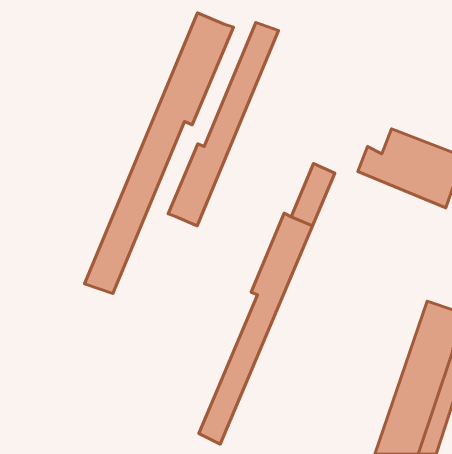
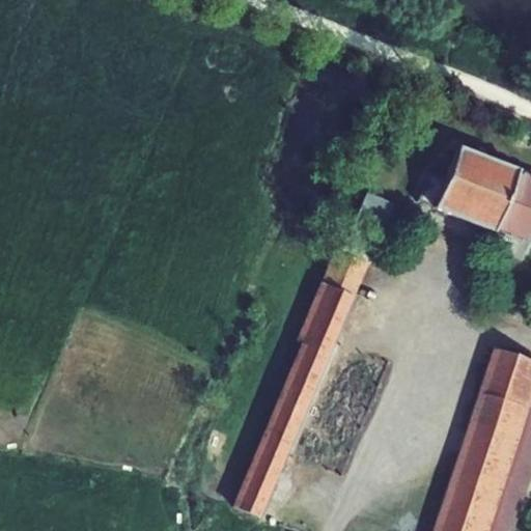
building: [85,13,233,293] -> none
building: [168,23,278,226] -> none

